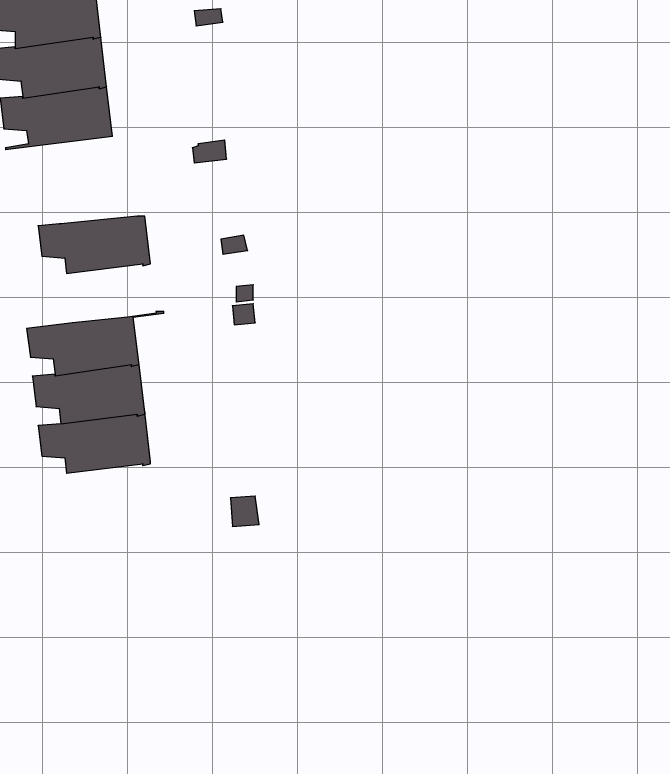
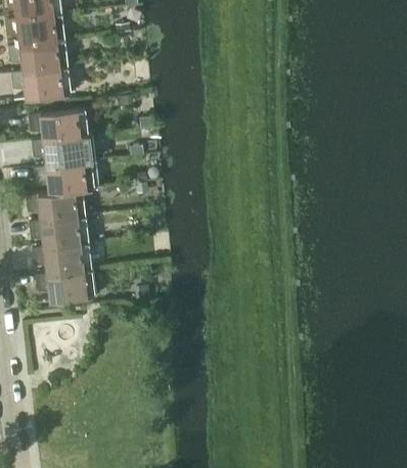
building: none -> [29,109,89,141]
building: none -> [35,161,99,194]
building: none -> [36,269,96,303]

